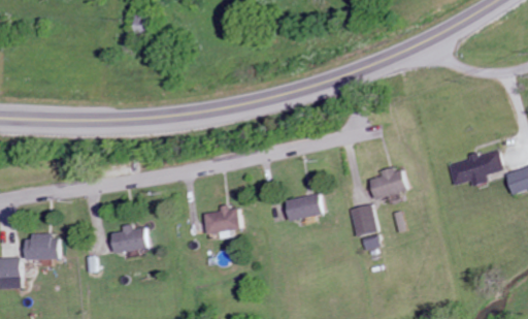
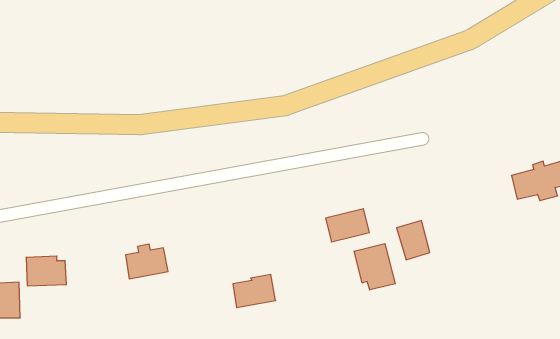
building: [368,166,406,198] -> none
building: [203,205,240,234] -> [233,274,276,308]
building: none -> [354,244,395,290]

